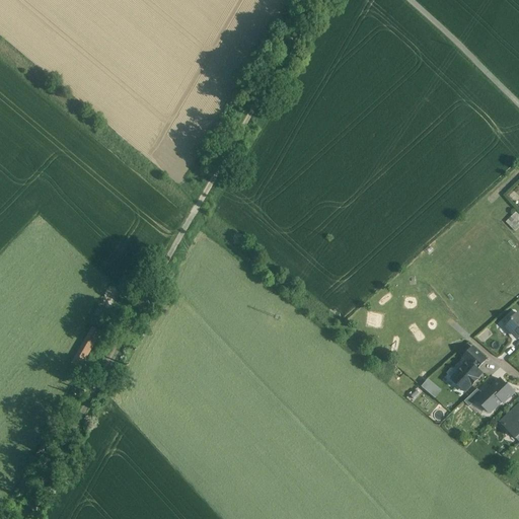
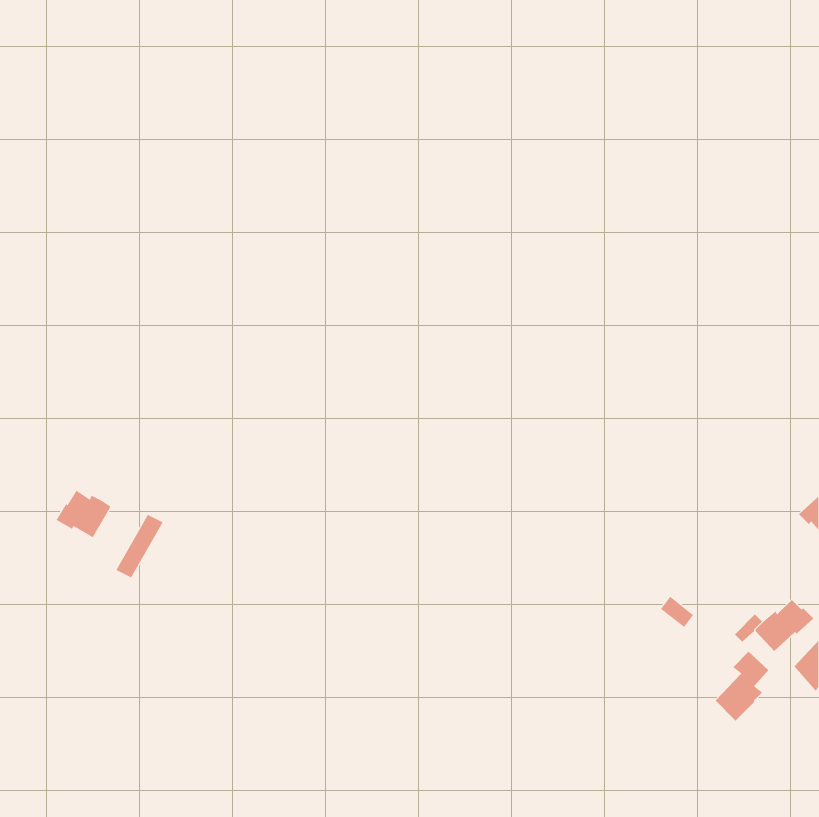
building: none -> [56,490,111,538]
building: [452,347,487,391] -> [715,651,769,721]

